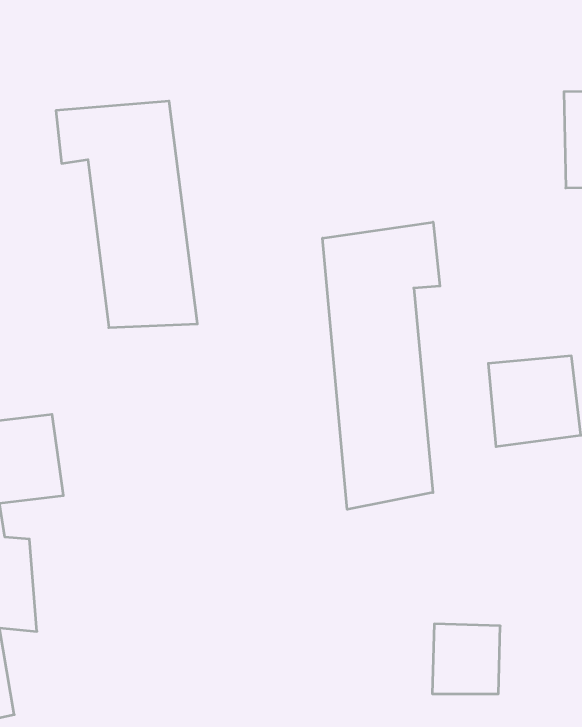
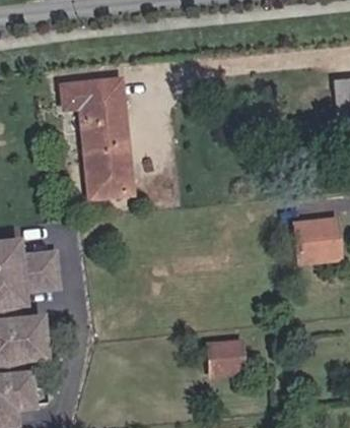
building: [323,222,440,509] -> none
building: [432,624,500,694] -> [205,337,241,374]

